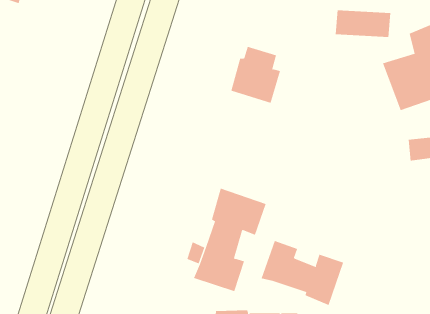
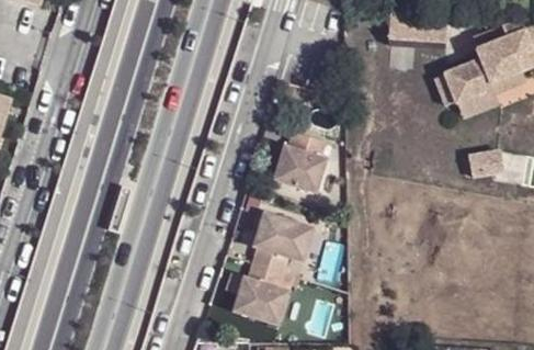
building: [231,46,281,104] -> [272,129,328,193]
building: [261,240,344,306] -> none

